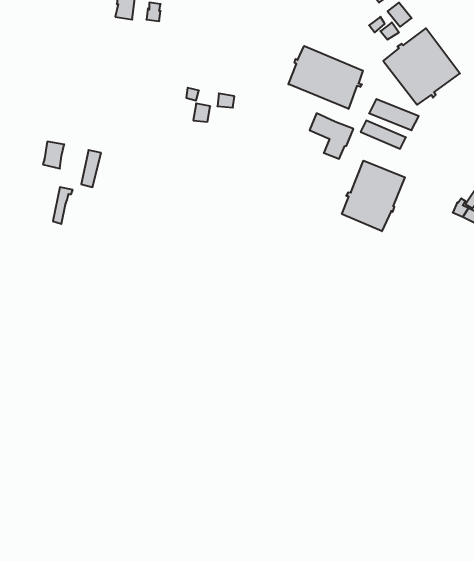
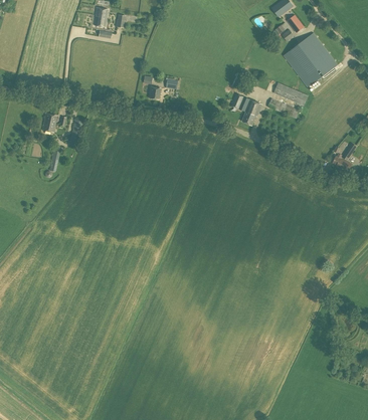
building: [288,46,363,109] -> none
building: [342,161,405,231] -> none

